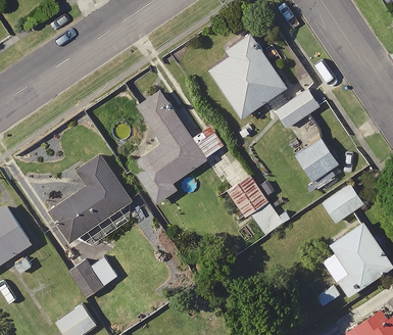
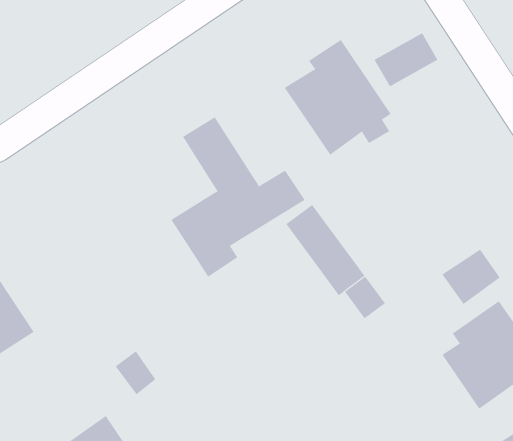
building: [275,90,321,129] -> [374,33,438,87]
building: [295,138,338,190] -> none
building: [50,155,136,246] -> none

